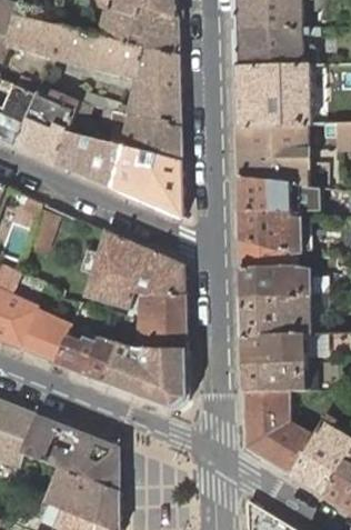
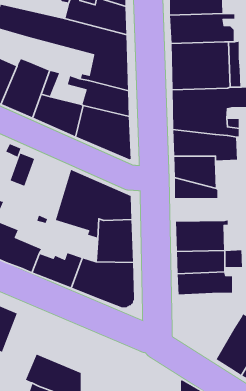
building: [240,268,310,297] -> none
building: [244,390,317,476] -> none
building: [23,416,120,492] -> none

